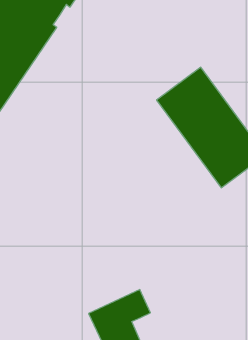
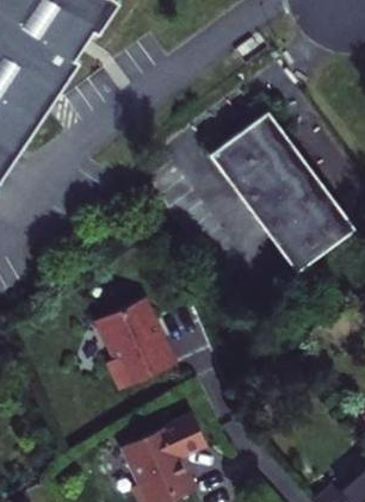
building: none -> [98,295,168,379]

